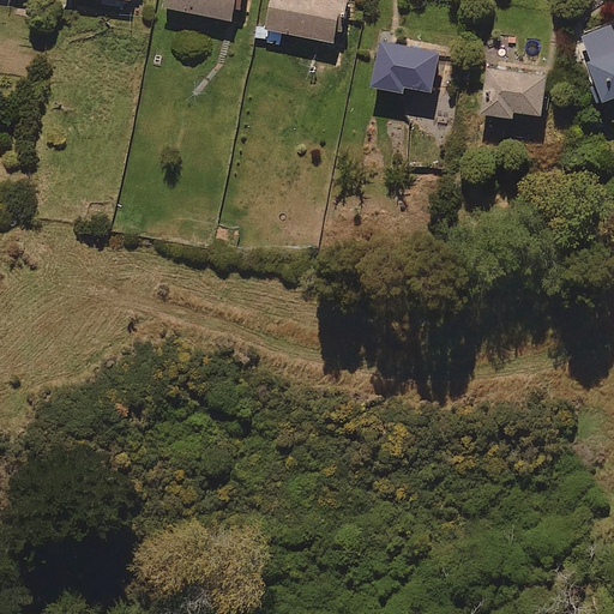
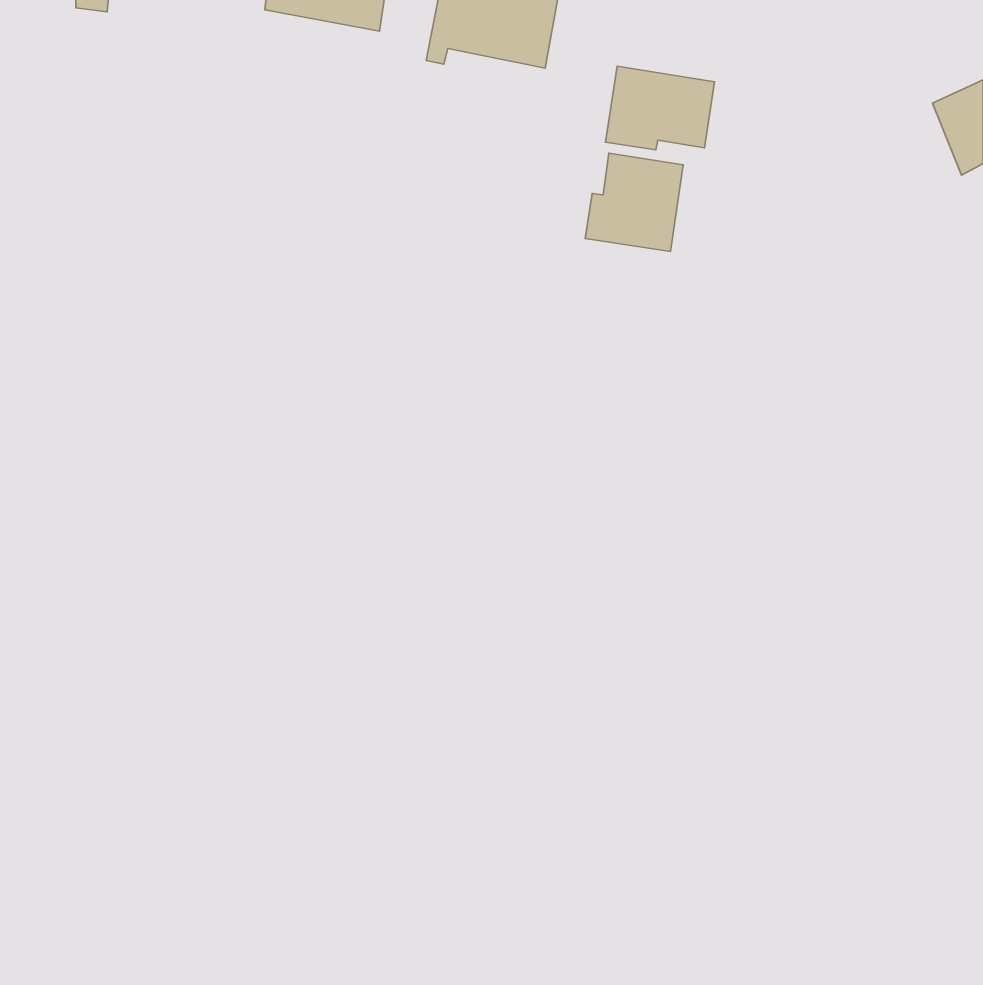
building: [482,68,548,130] -> none
building: none -> [585,153,683,252]

